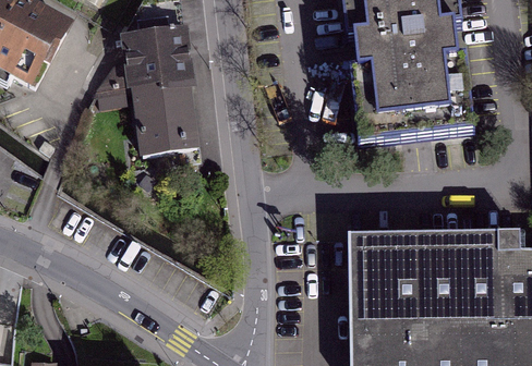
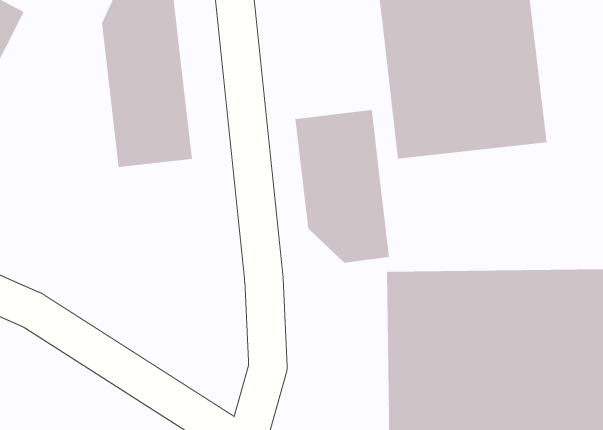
building: none -> [295,109,390,264]

